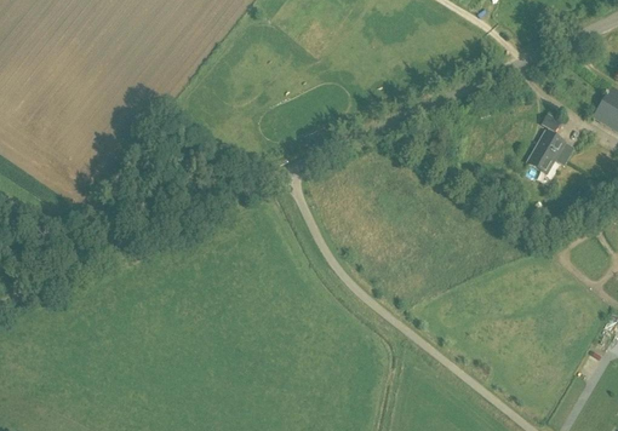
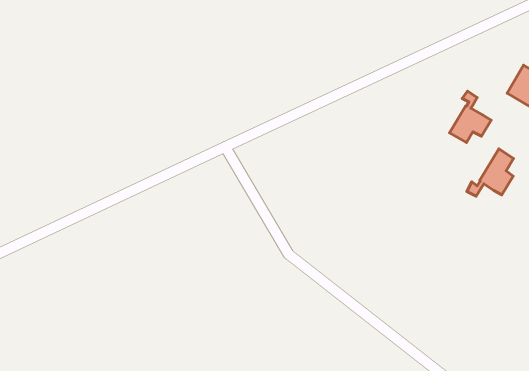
building: none -> [467,149,514,196]

